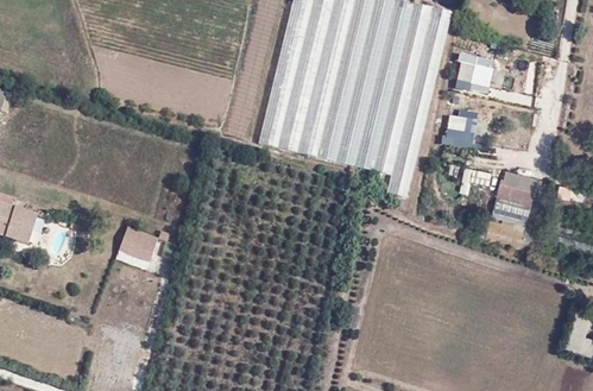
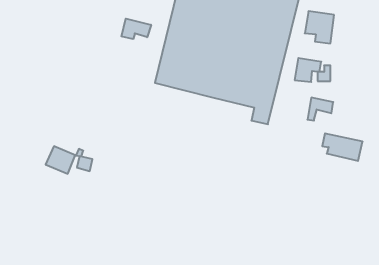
building: none -> [121,19,151,39]
building: [493,170,535,206] -> none

